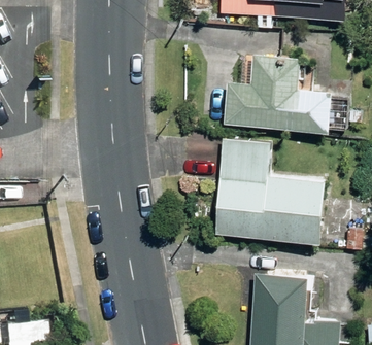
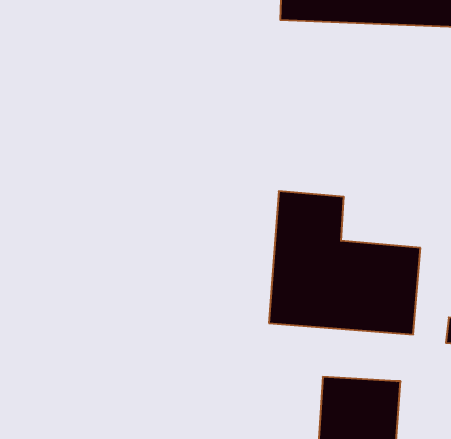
building: [223,56,332,134] -> none

